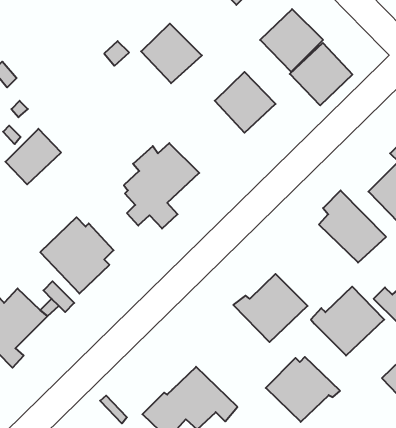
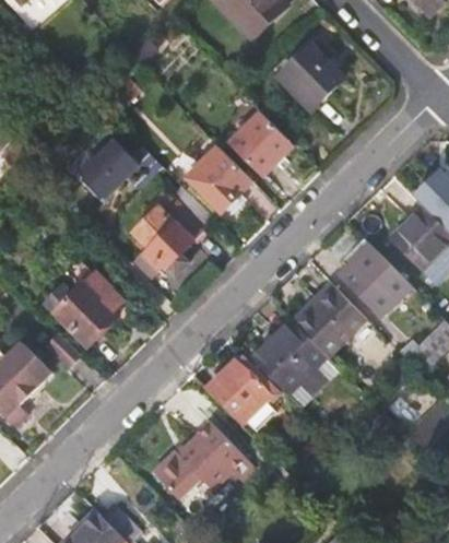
building: [141,24,202,83] -> [189,147,253,211]
building: [290,43,352,105] -> none
building: [5,129,61,184] -> [81,141,140,200]
building: [311,287,384,356] -> [291,286,368,359]
building: [266,357,340,422] -> [202,357,281,426]

